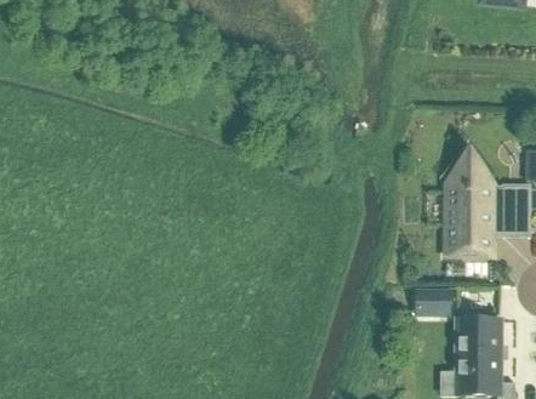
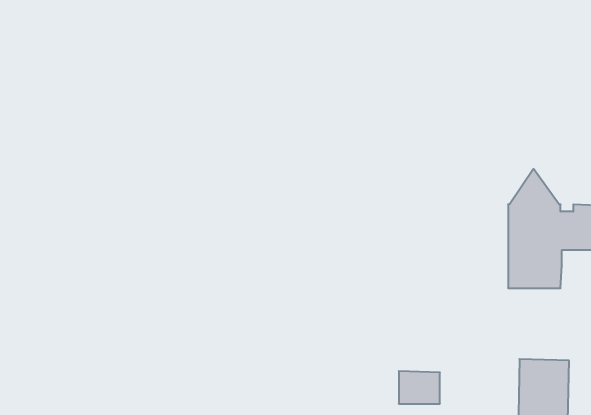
building: [415,286,450,314] -> [399,371,440,404]

